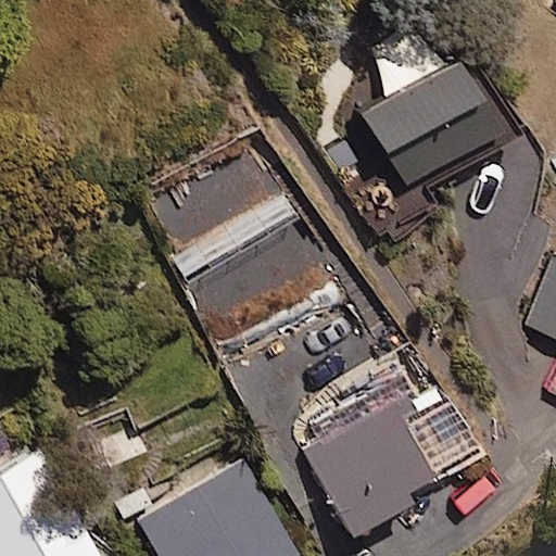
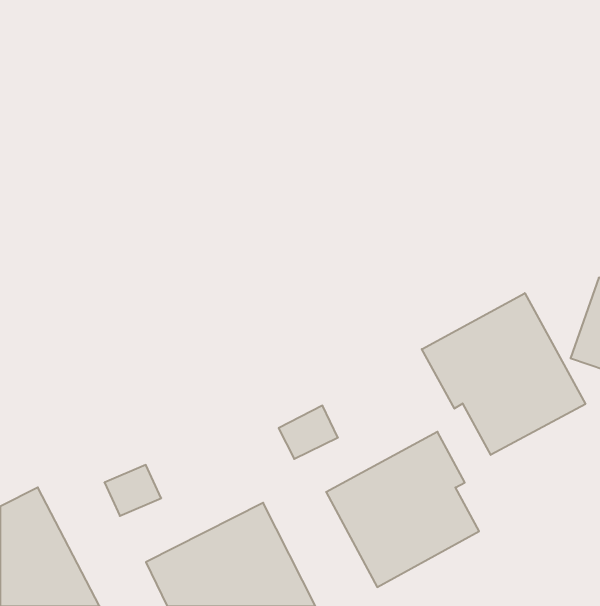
building: [354,17,496,192] -> none
building: none -> [422,293,585,455]

